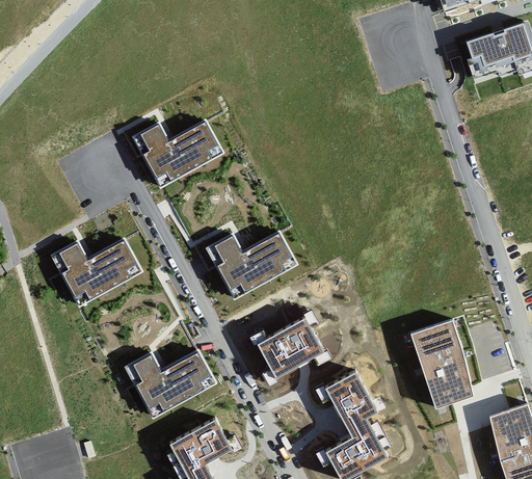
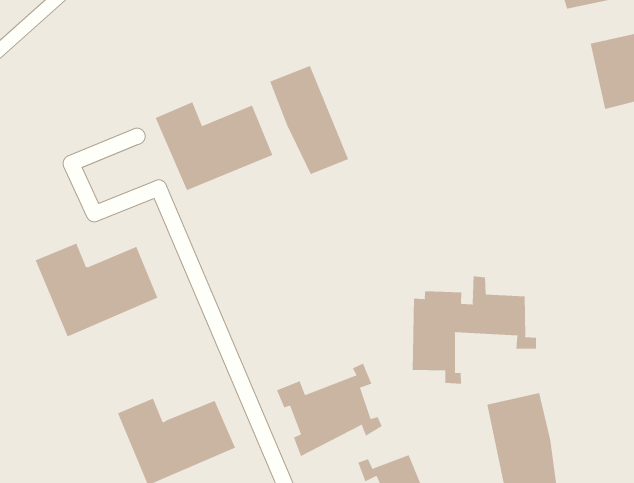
building: none -> [269,65,349,175]
building: [206,230,298,300] -> none
building: none -> [412,275,537,385]

